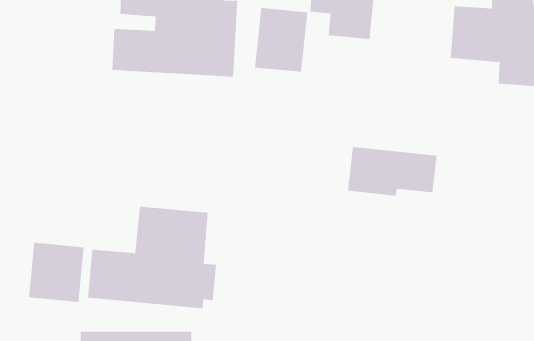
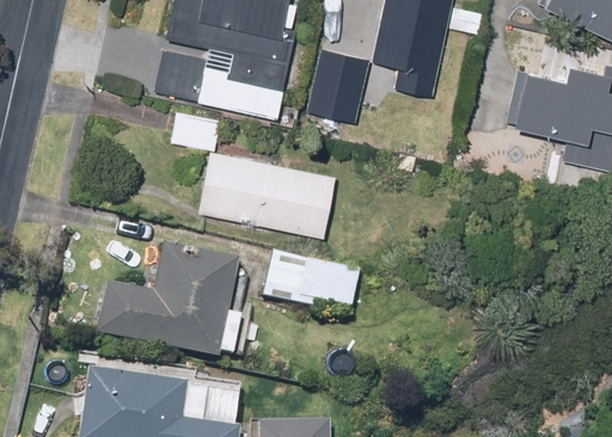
building: none -> [170,110,336,238]
building: [347,146,438,196] -> [261,248,361,308]
building: [29,242,84,303] -> none

